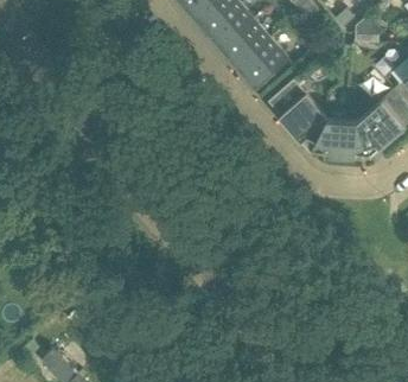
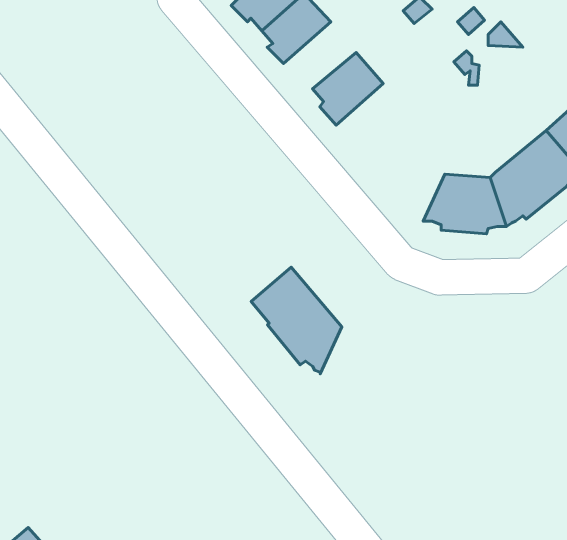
building: [221,19,268,63] -> none
building: [267,79,326,149] -> [251,267,342,374]

